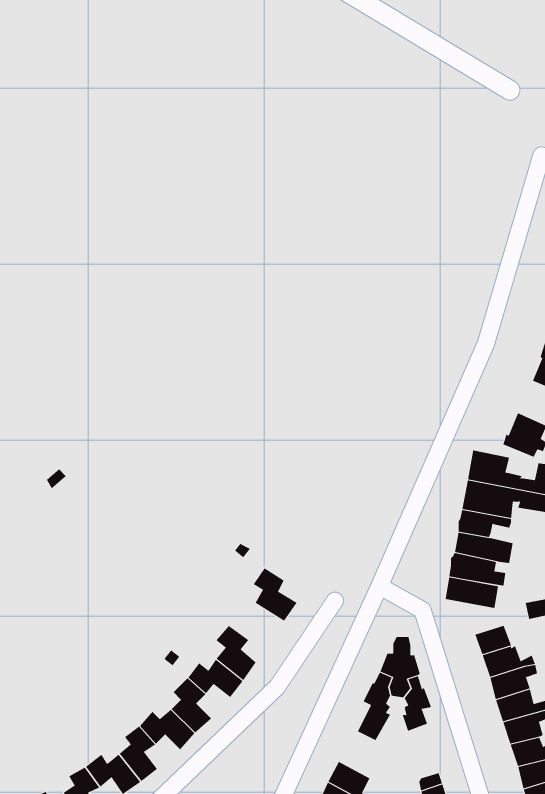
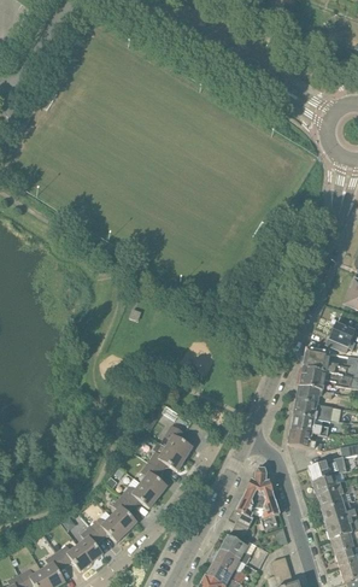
building: none -> [148,441,184,470]
building: none -> [219,529,251,563]

